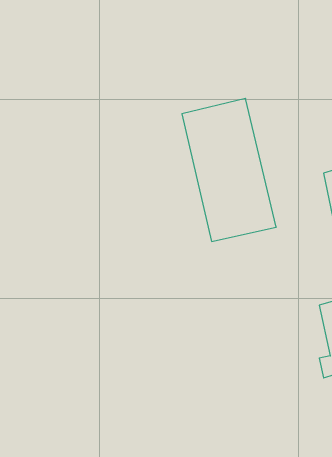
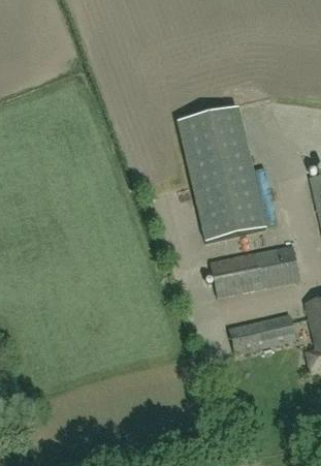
building: none -> [210,246,299,298]
building: none -> [228,314,296,354]

